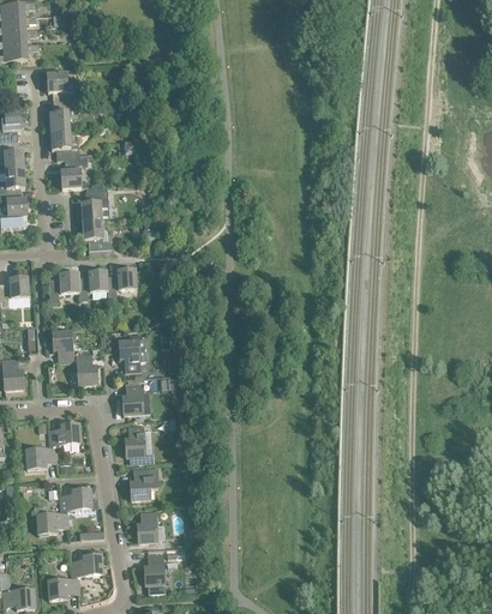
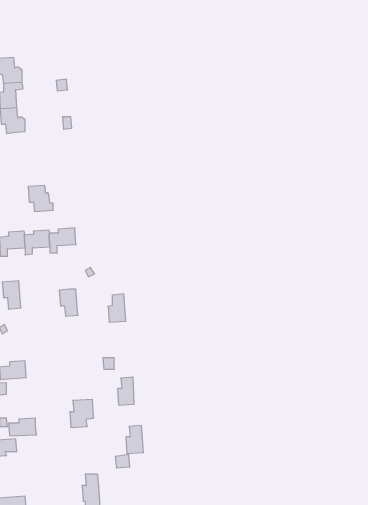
building: [60,157,86,188] -> none
building: [80,189,109,221] -> none
building: [76,353,97,384] -> none
building: [121,381,142,414] -> [108,294,126,322]
building: [125,425,144,457] -> [118,377,134,405]
building: [137,510,157,542] -> [126,426,144,454]
building: [70,554,102,574] -> none

